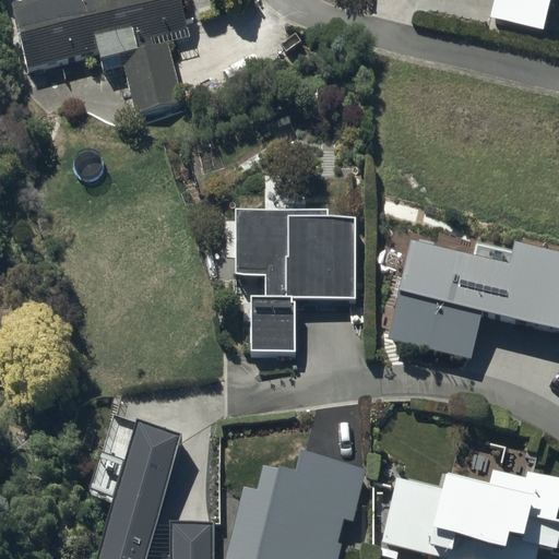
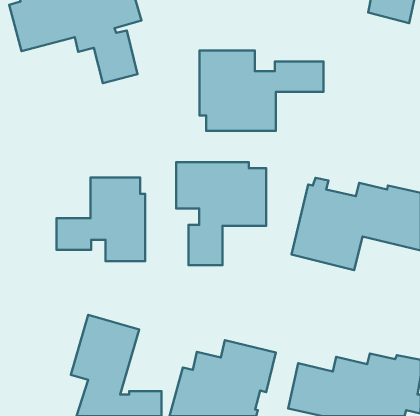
building: none -> [199,51,324,131]
building: none -> [56,178,145,261]

